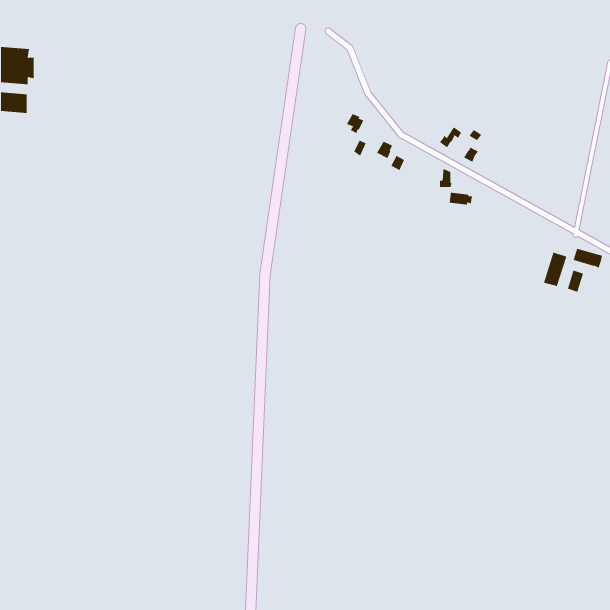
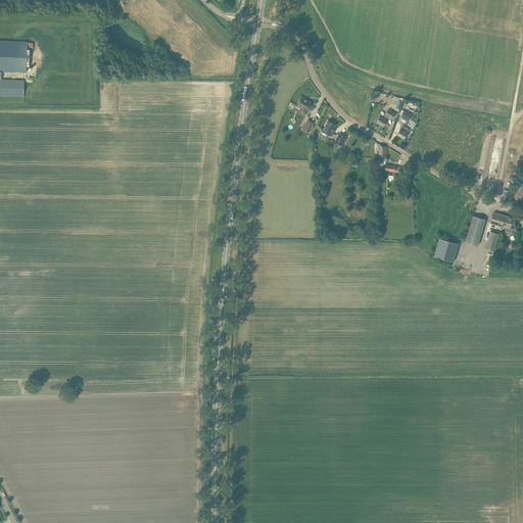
building: none -> [433,238,459,262]

